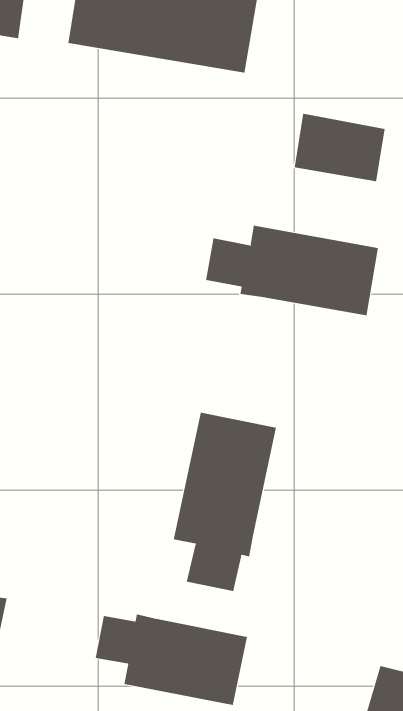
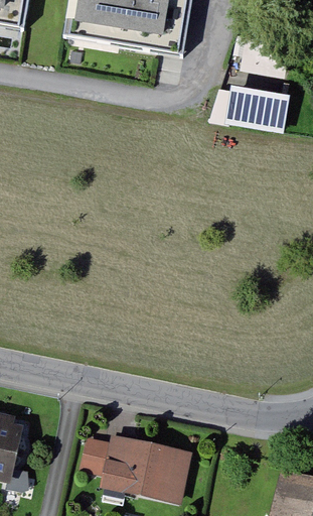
building: [206,225,378,316] -> none
building: [173,412,276,592] -> none

